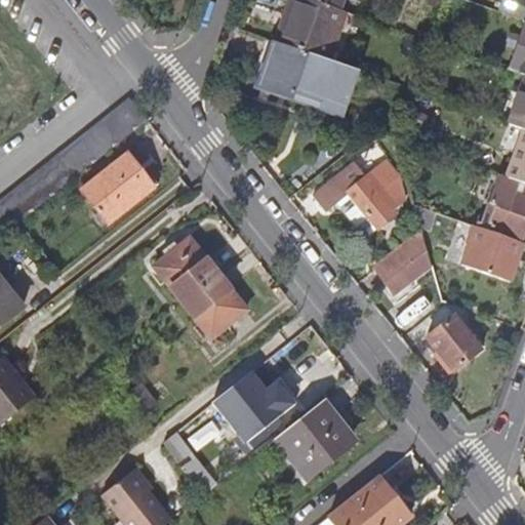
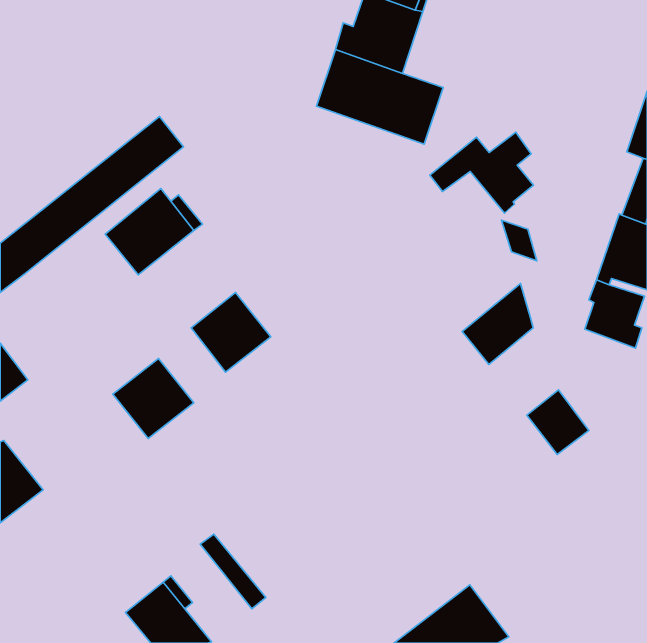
building: [316,159,400,225] -> [430,132,534,213]
building: [183,273,248,337] -> [113,359,194,438]
building: [213,369,295,452] -> none
building: [276,399,351,477] -> none

